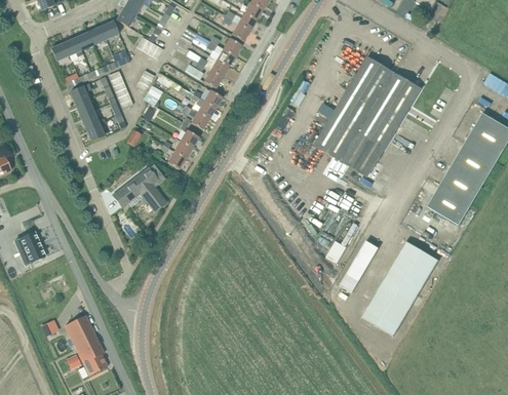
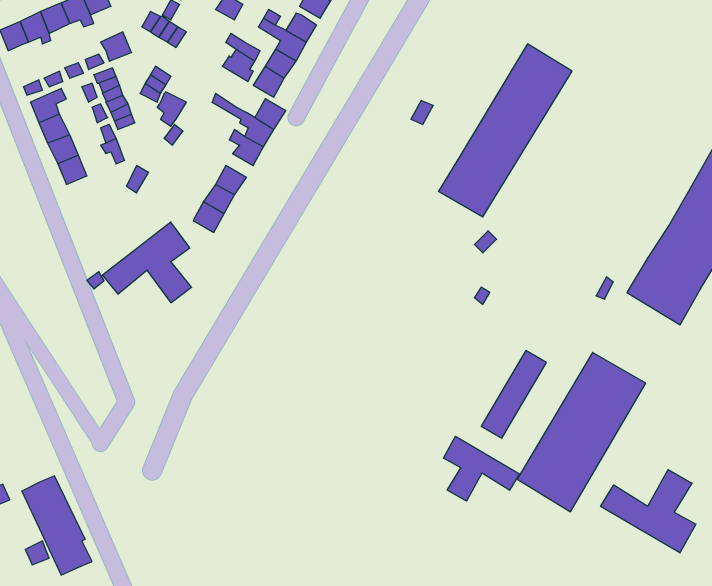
building: [341,73,421,175] -> none
building: none -> [443,436,520,501]
building: none -> [601,470,696,553]

